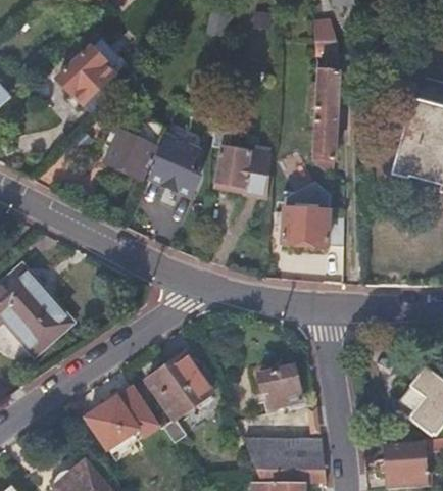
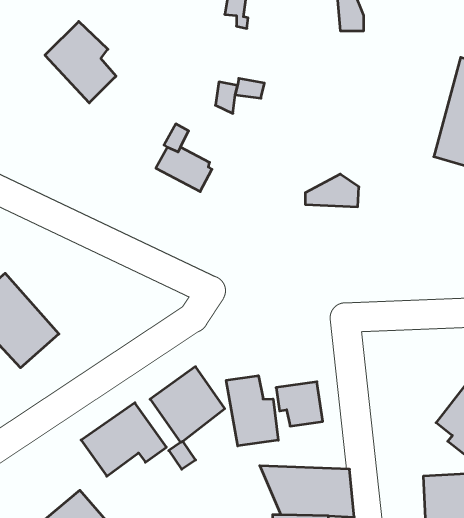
building: [310,65,338,177] -> none
building: [110,118,173,181] -> none
building: [215,134,270,199] -> none
building: [283,209,344,249] -> none
building: none -> [226,376,278,446]

